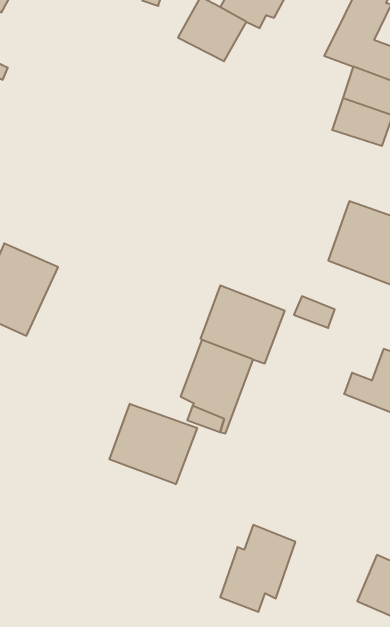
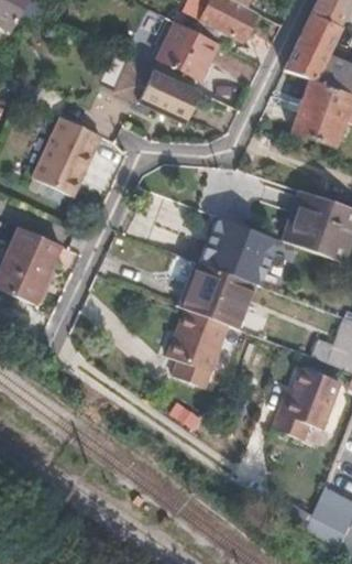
building: none -> [117,57,200,122]
building: none -> [32,116,102,196]
building: none -> [204,218,264,271]
building: [109,404,197,484] -> none
building: [220,525,295,612] -> [271,366,333,438]

